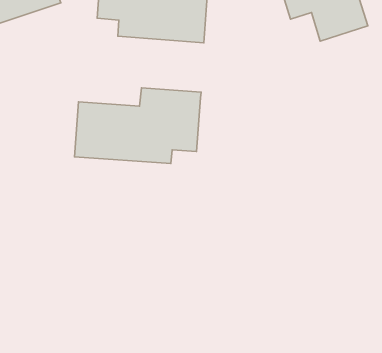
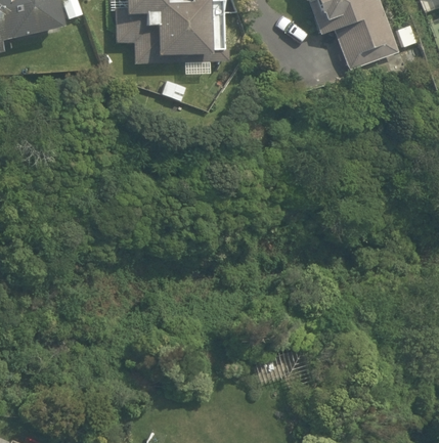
building: [75,88,201,164] -> none

